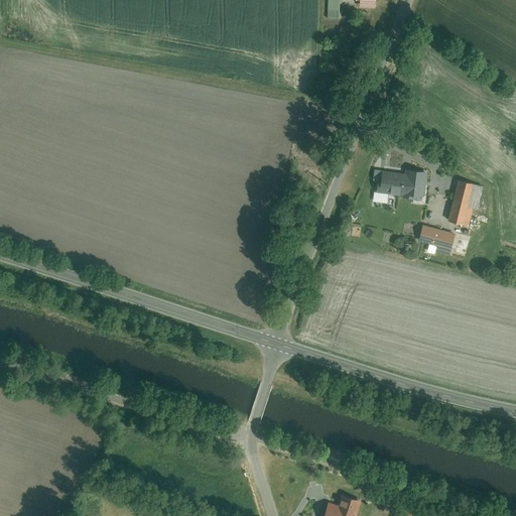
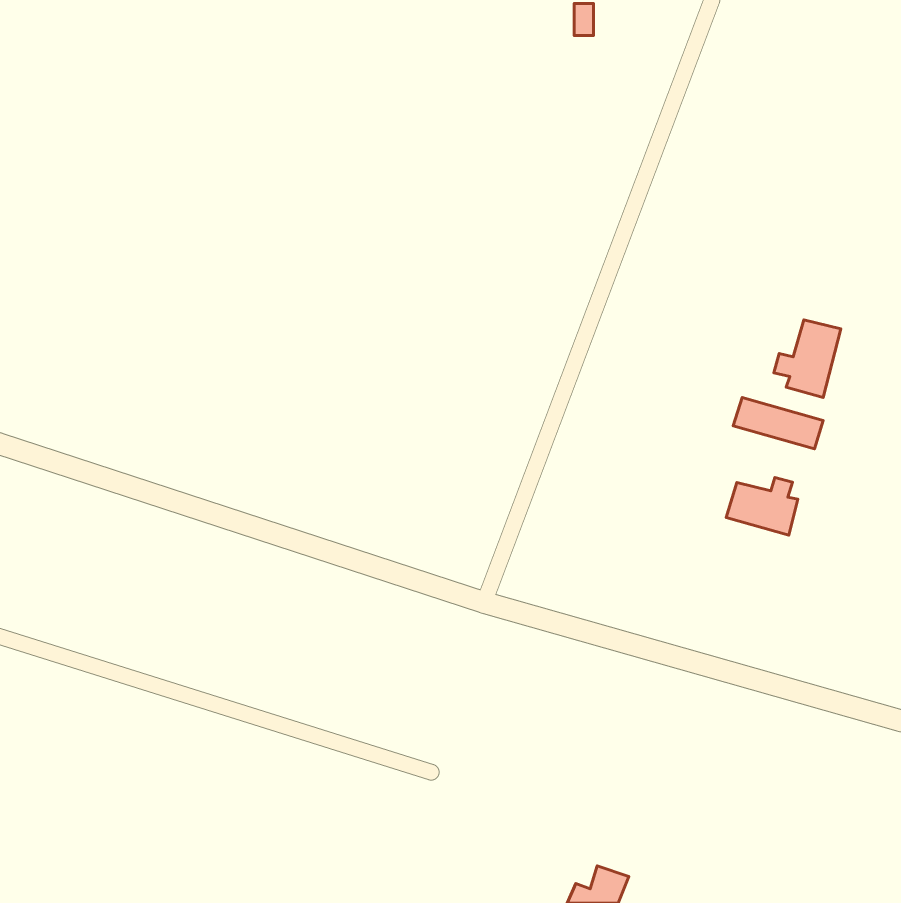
building: [375,169,427,196] -> none
building: none -> [726,477,798,535]

